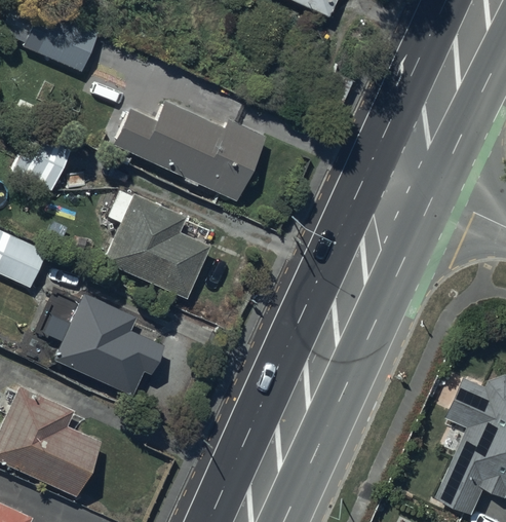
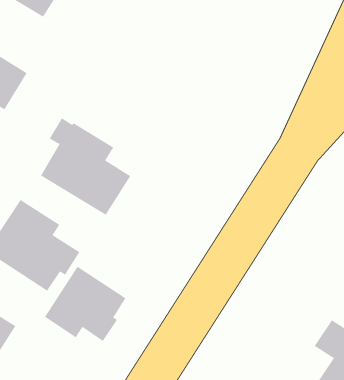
building: [113,102,265,202] -> none
building: none -> [44,266,126,342]

